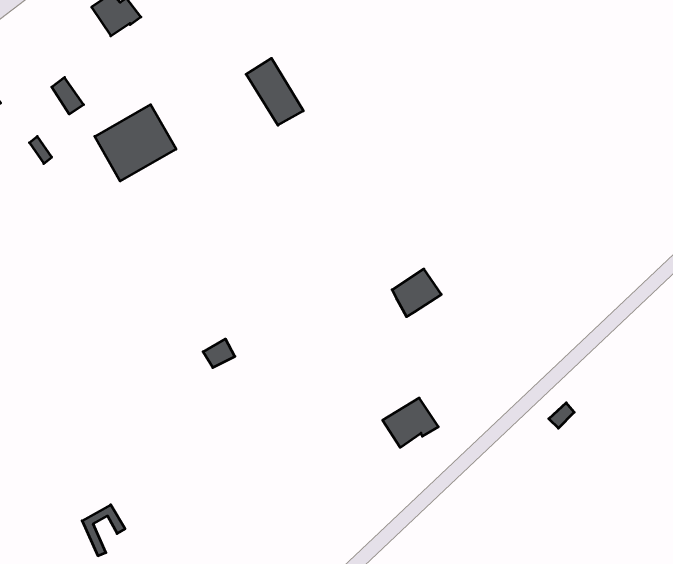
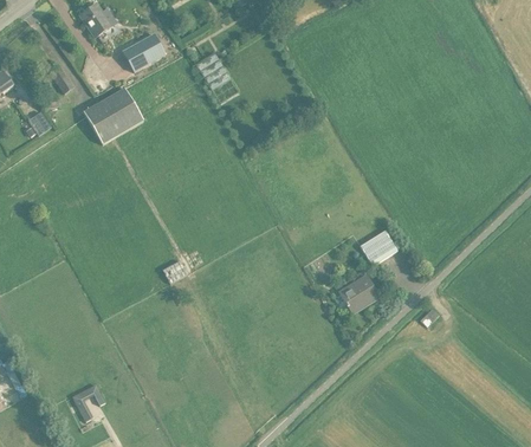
building: none -> [121,33,163,71]
building: [392,269,441,317] -> [360,229,396,265]
building: [383,398,438,447] -> [337,274,378,311]

